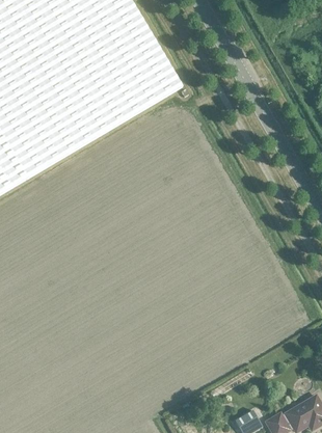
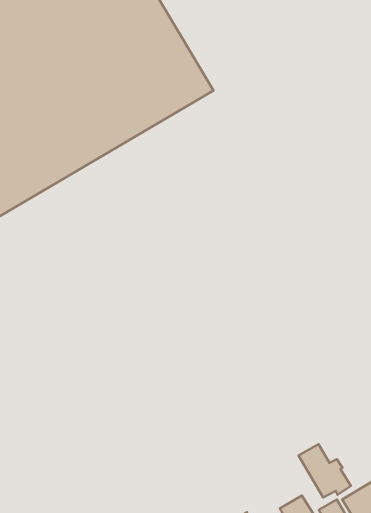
building: none -> [298,444,351,497]

